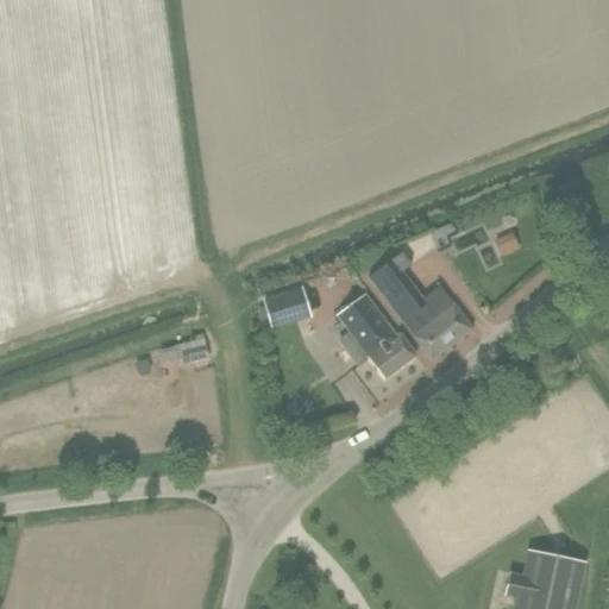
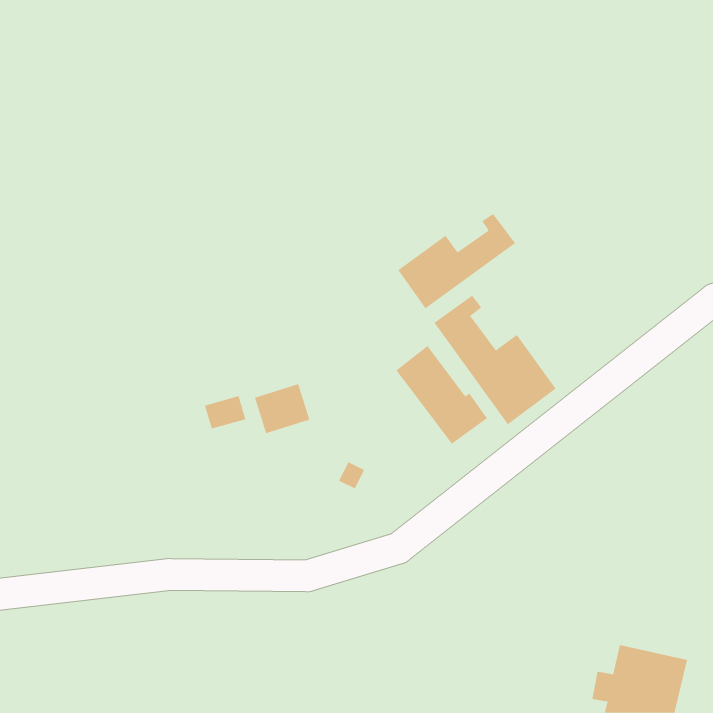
building: none -> [397,213,516,309]
building: [264,284,312,327] -> [254,383,310,434]

